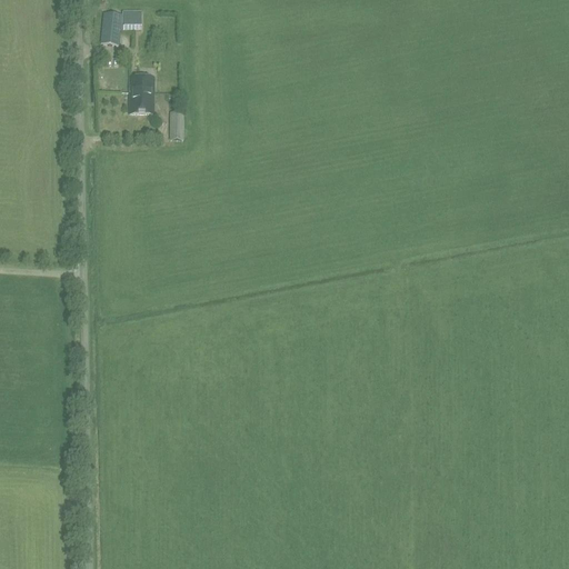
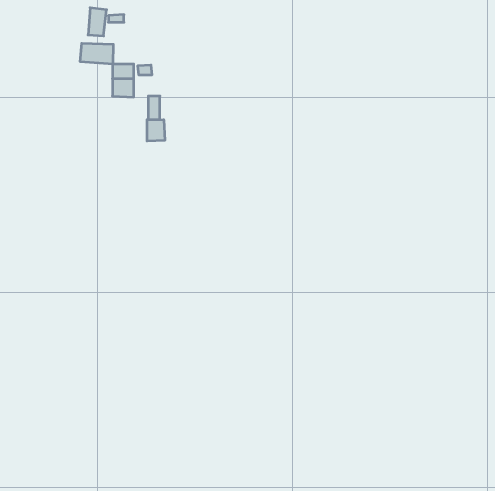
building: none -> [80,43,113,64]
building: none -> [147,120,165,141]

